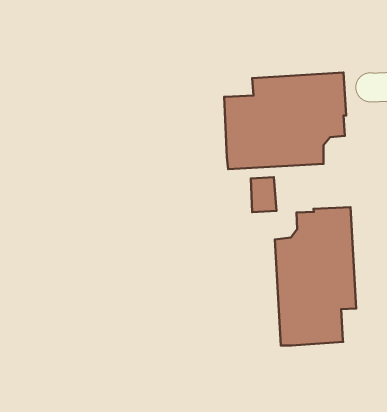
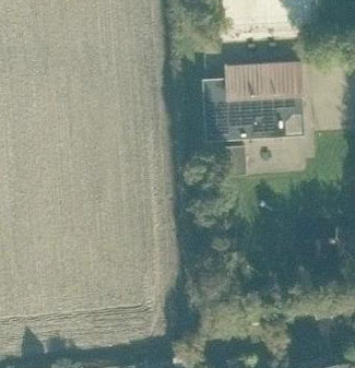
building: [275,207,356,346] -> none

